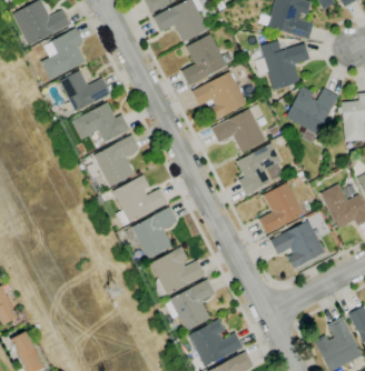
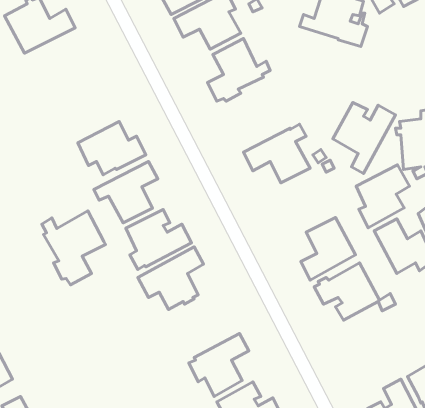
building: [40,28,85,80] -> none
building: [256,40,309,91] -> none
building: [59,70,110,112] -> none
building: [191,71,247,121] -> none
building: [236,143,280,195] -> [356,165,410,228]
building: none -> [42,211,105,285]
building: [150,247,205,297] -> none

